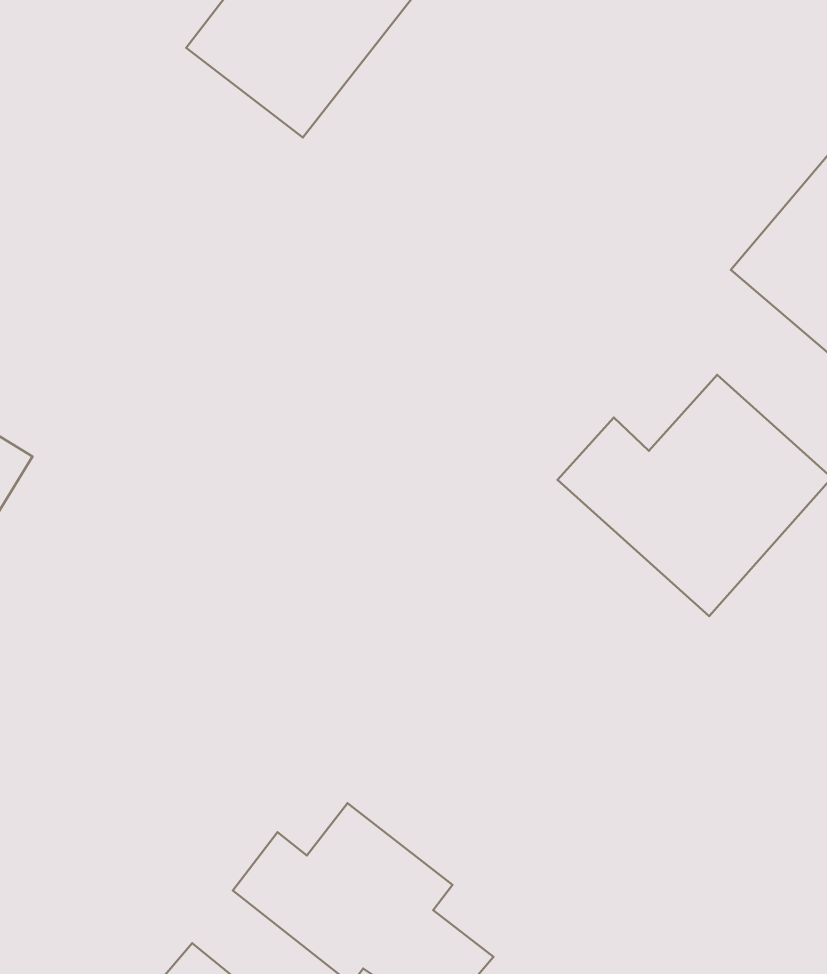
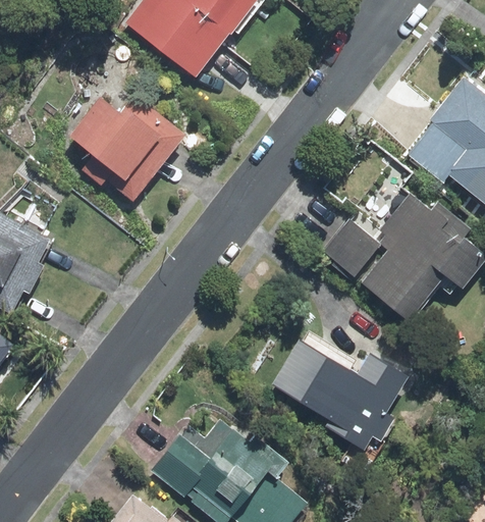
building: none -> [70,91,177,200]
building: none -> [272,334,385,434]

